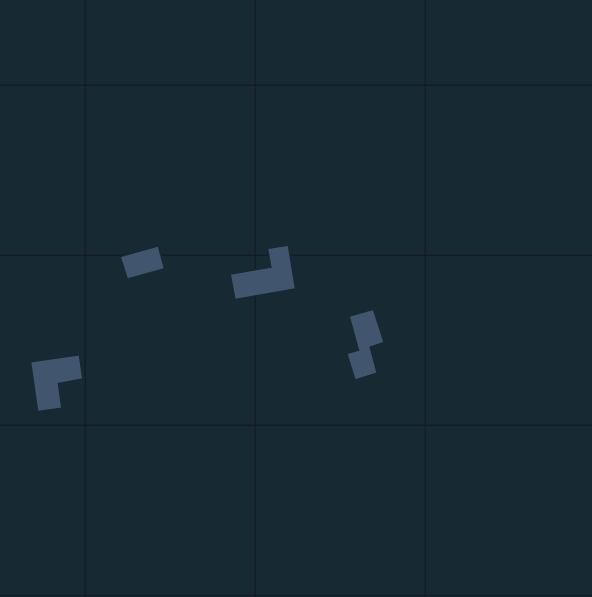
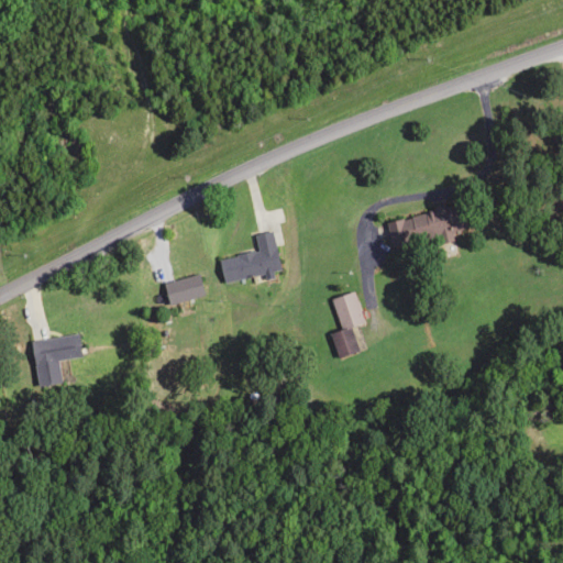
building: none -> [389,211,448,245]
building: [120,246,164,279] -> [164,274,206,305]

